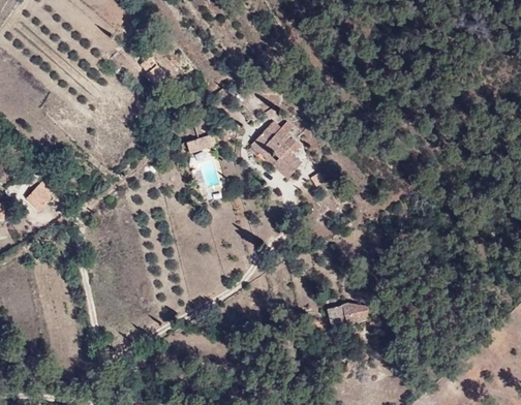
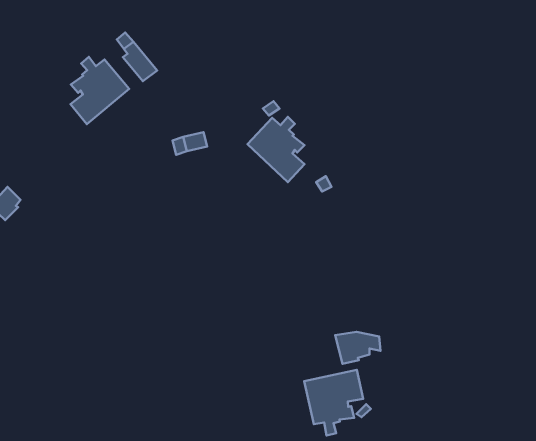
building: none -> [70,57,129,124]
building: none -> [304,370,363,436]

